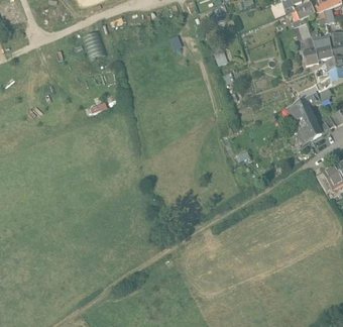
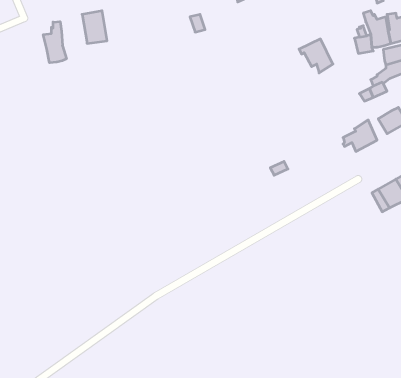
building: none -> [43,22,66,63]
building: [288,97,315,124] -> [299,39,333,73]

